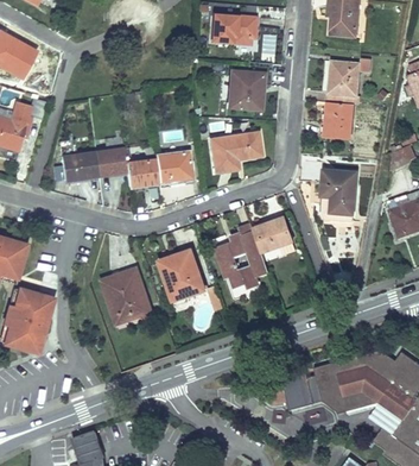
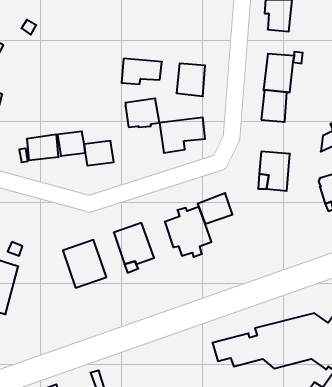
building: [211,13,256,42] -> [122,59,162,84]
building: [155,150,193,182] -> [125,98,159,127]

